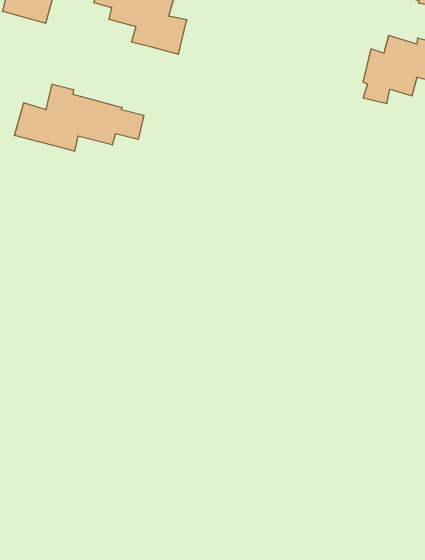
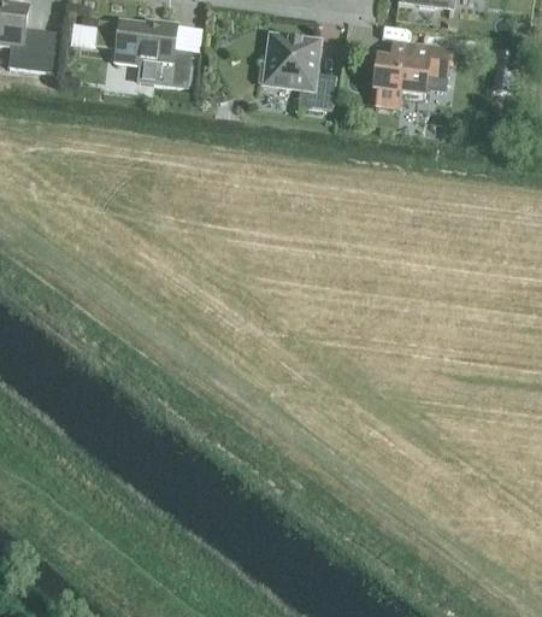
building: none -> [257,35,336,108]
building: [14,84,144,151] -> none

